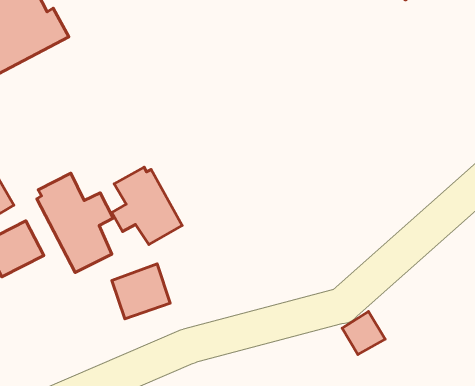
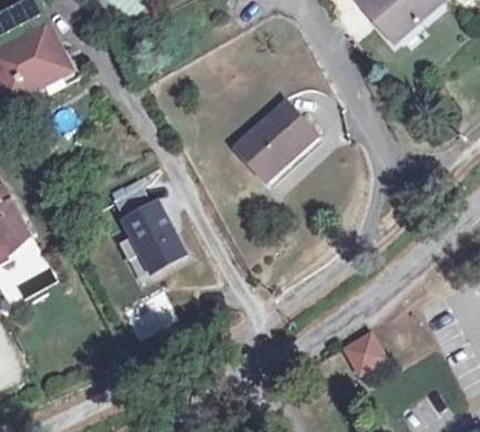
building: none -> [235,101,317,182]
building: [37,173,113,273] -> none

